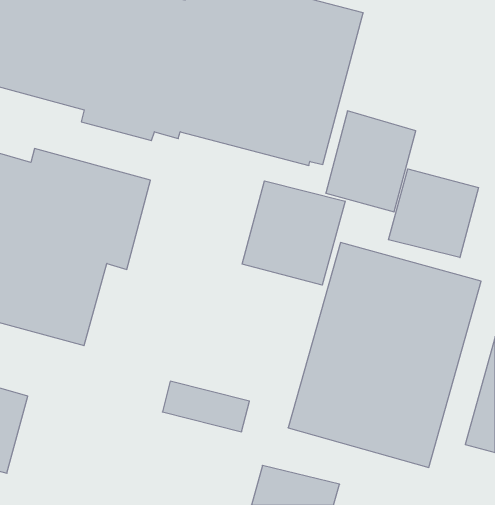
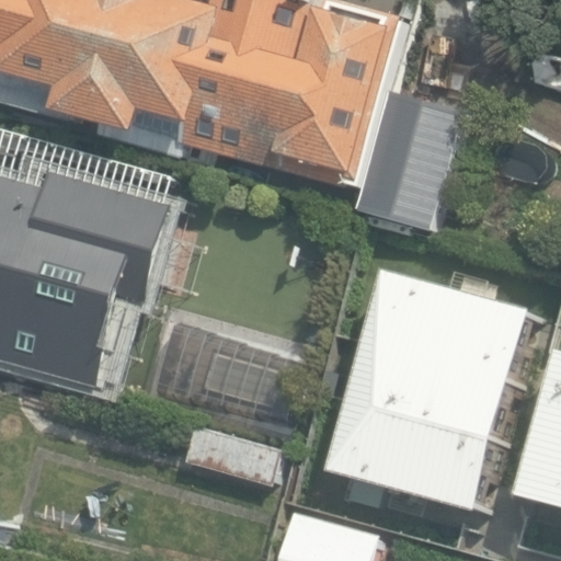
building: [388,169,479,258] -> none
building: [242,181,345,285] -> none

